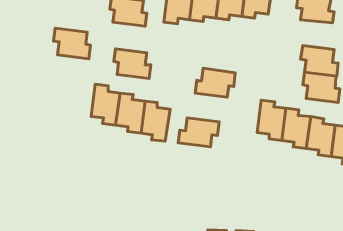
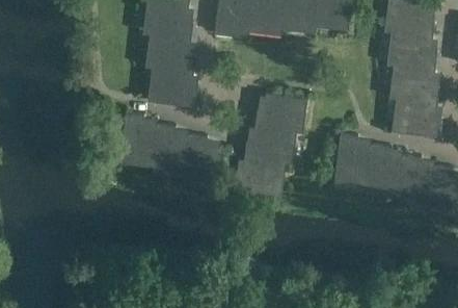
building: none -> [388,30,436,69]
building: [54,28,91,59] -> [146,33,194,73]
building: none -> [244,125,296,162]

